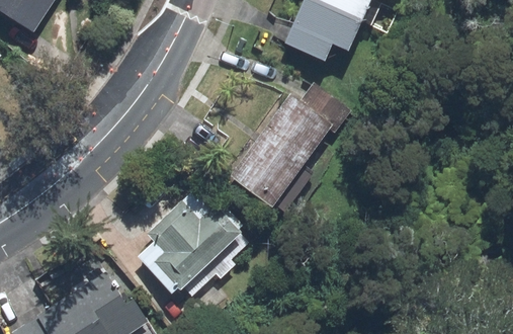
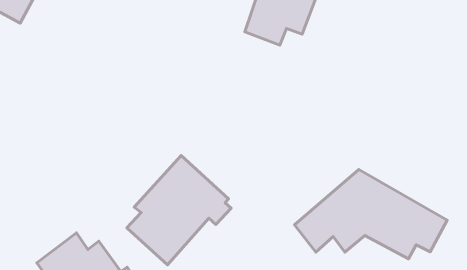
building: [233,91,336,212] -> none
building: none -> [295,169,447,259]

